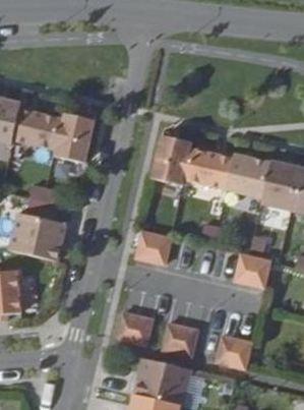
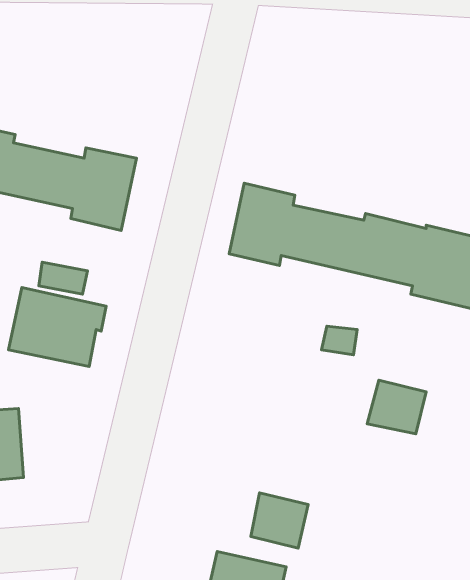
building: [135,231,169,265] -> none
building: [117,311,151,345] -> none
building: [215,334,250,366] -> none

